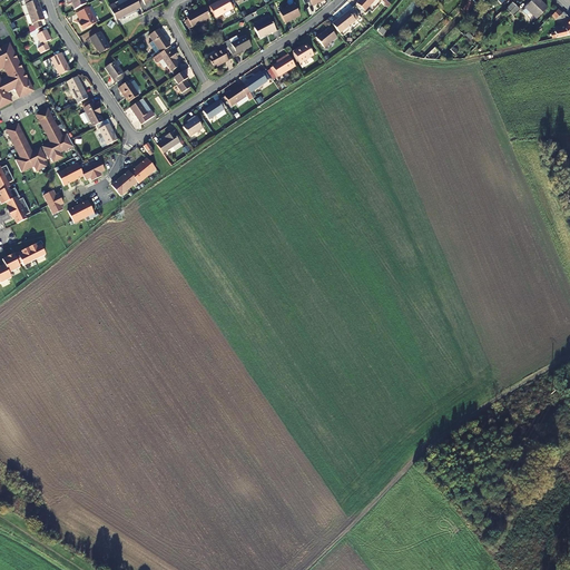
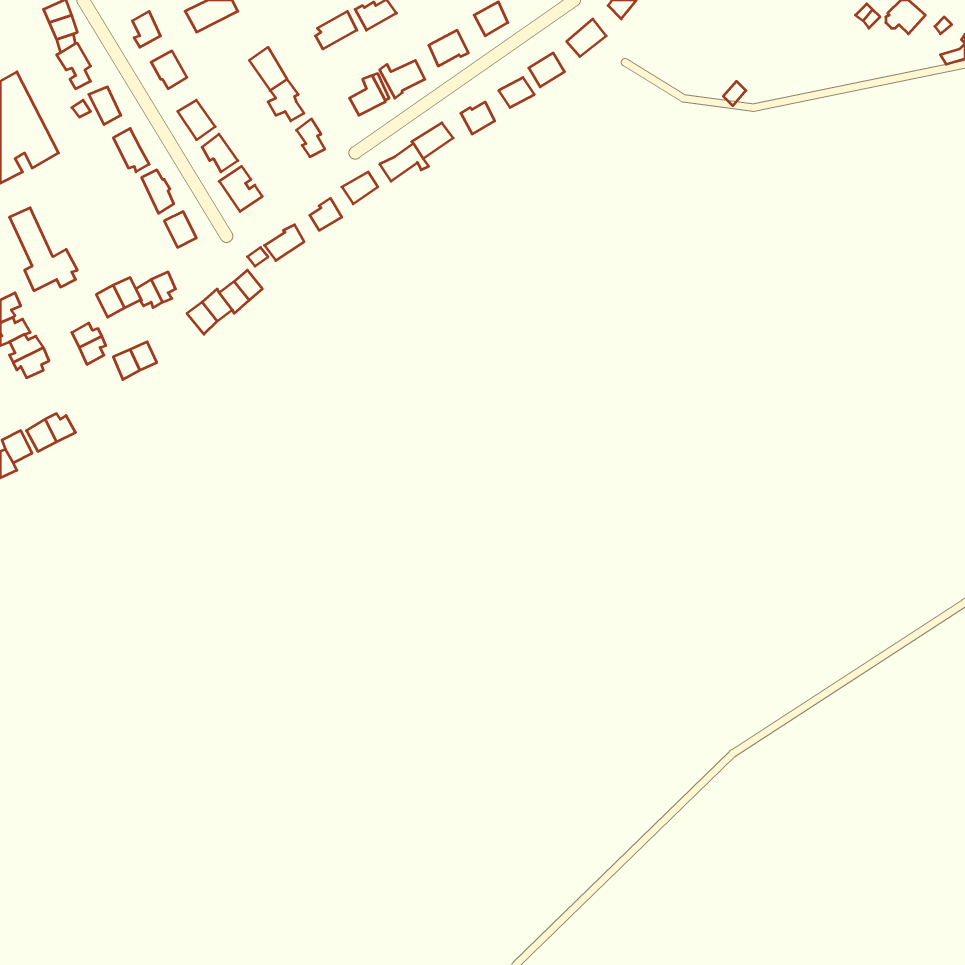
building: [36,108,72,161] -> none

